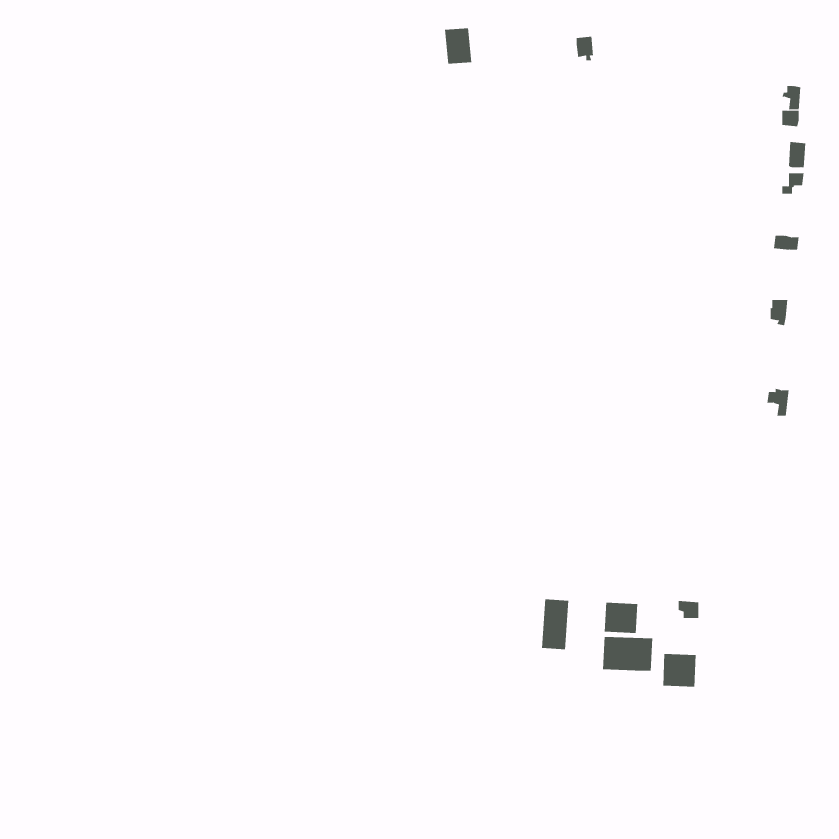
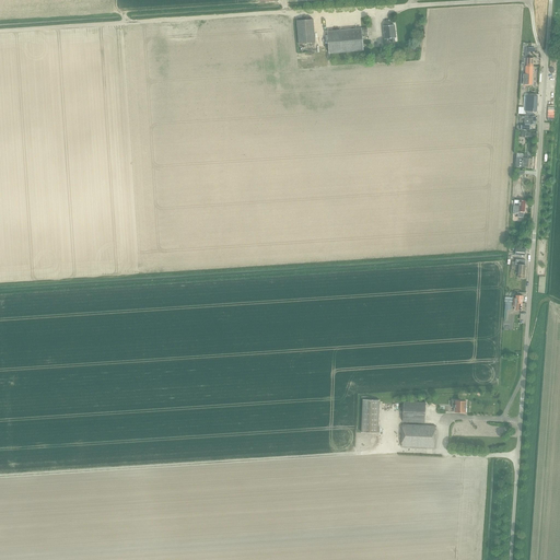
building: none -> [326,27,366,52]
building: [663,653,696,688] -> none

